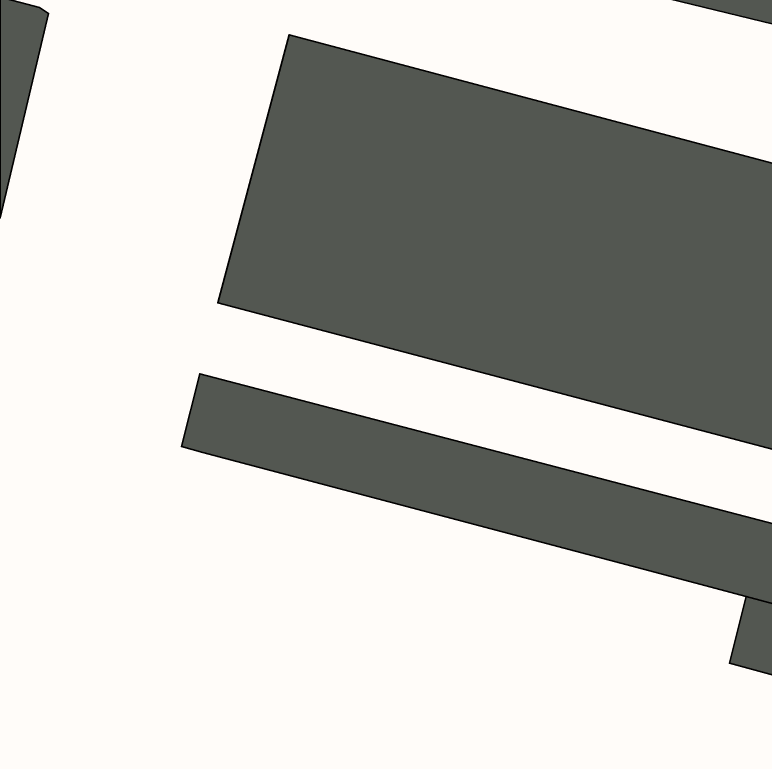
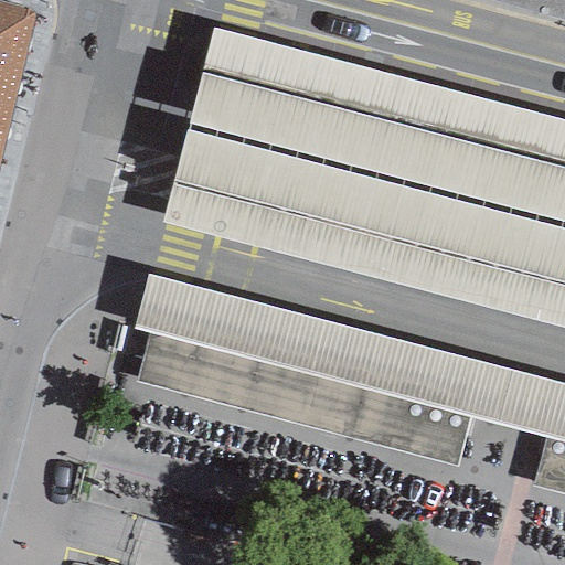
building: none -> [135,330,470,463]

